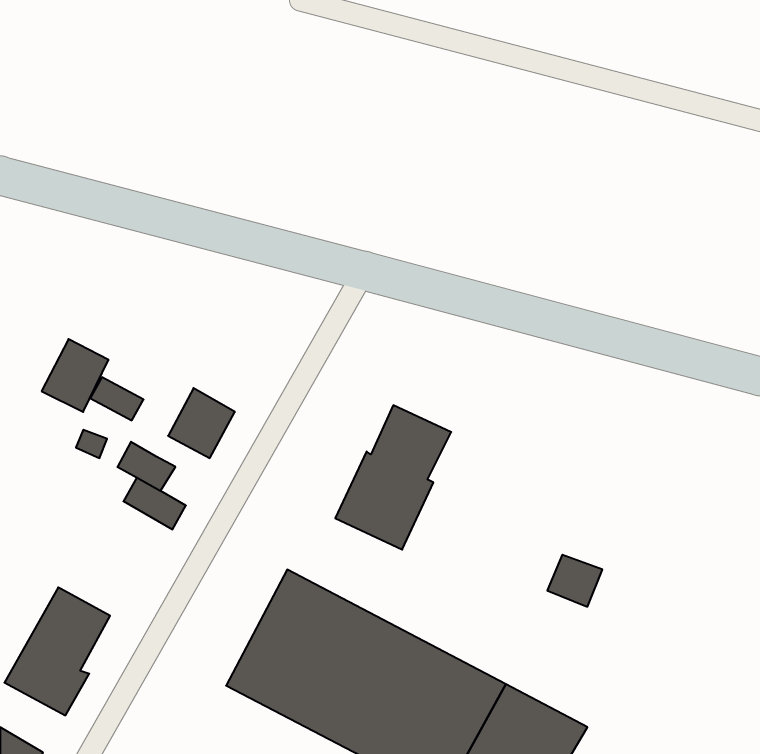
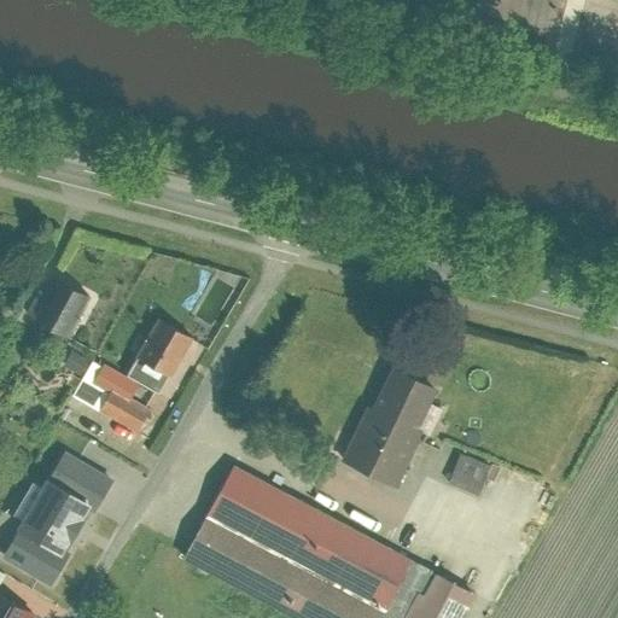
building: [90,377,144,420] -> [127,358,170,393]
building: [335,405,451,550] -> [343,369,437,486]
building: none -> [49,454,111,508]

